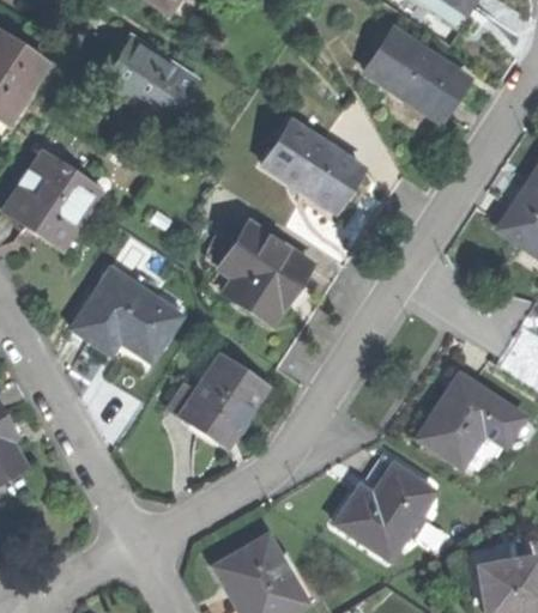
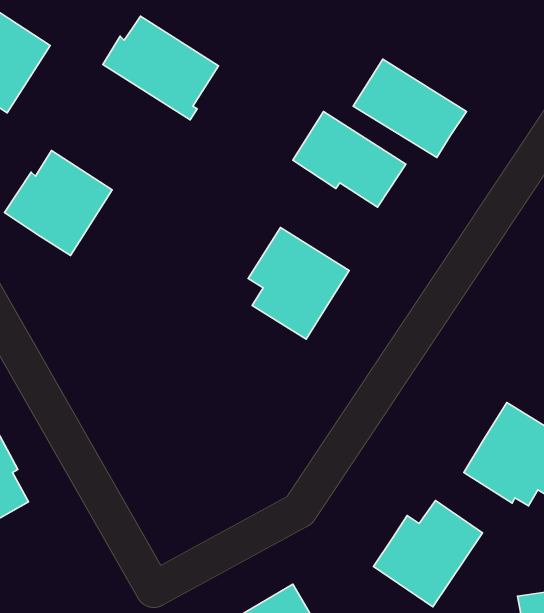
building: [367,31,467,119] -> [353,59,466,157]
building: [74,267,183,358] -> none
building: [173,357,267,445] -> none

